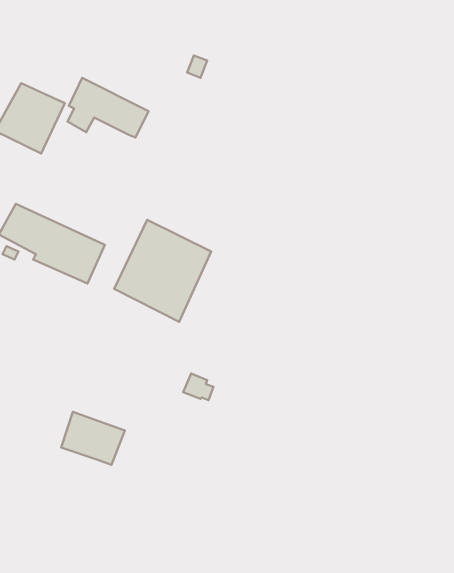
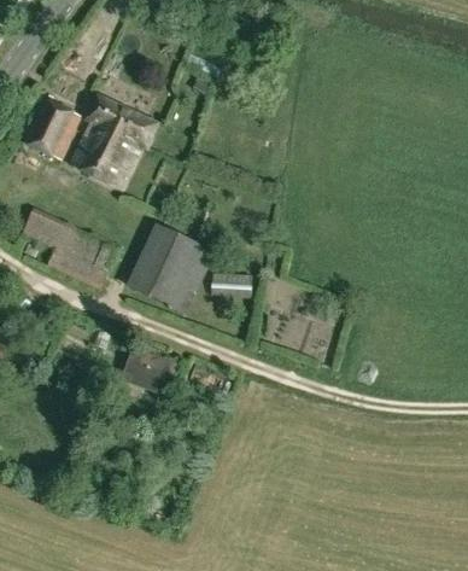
building: none -> [69,129,139,187]
building: none -> [210,273,250,302]
building: [61,412,125,465] -> [122,346,180,395]

